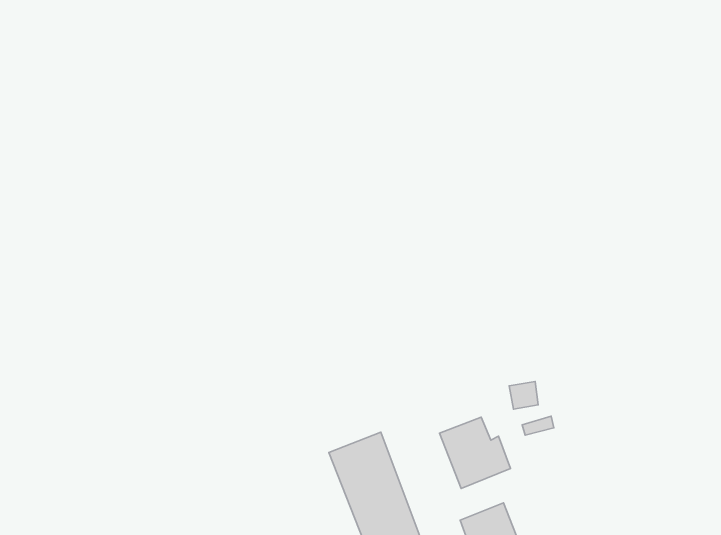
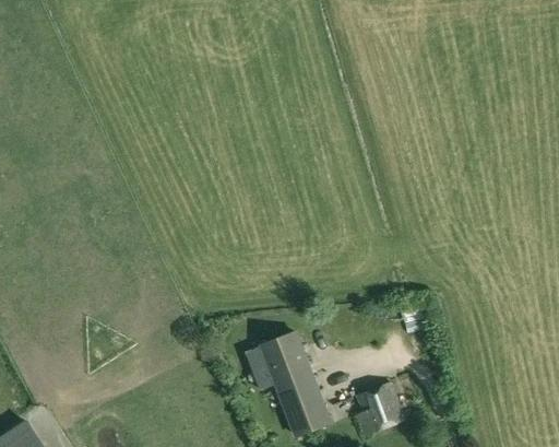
building: [439,417,511,488] -> none

